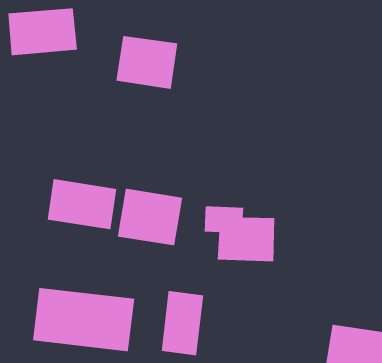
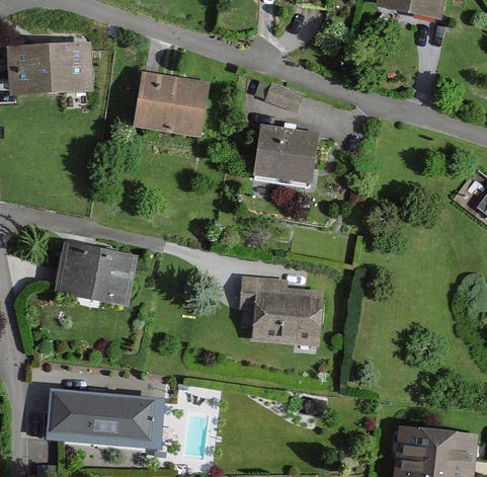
building: none -> [258,130,326,189]
building: [117,188,183,246] -> none
building: [161,290,204,356] -> none

